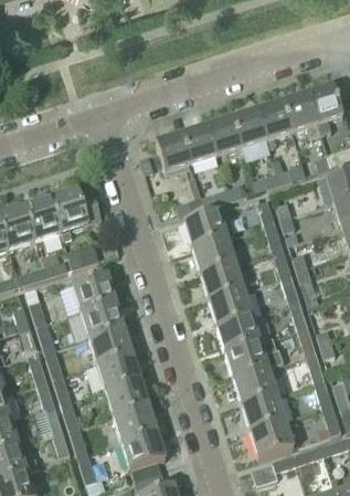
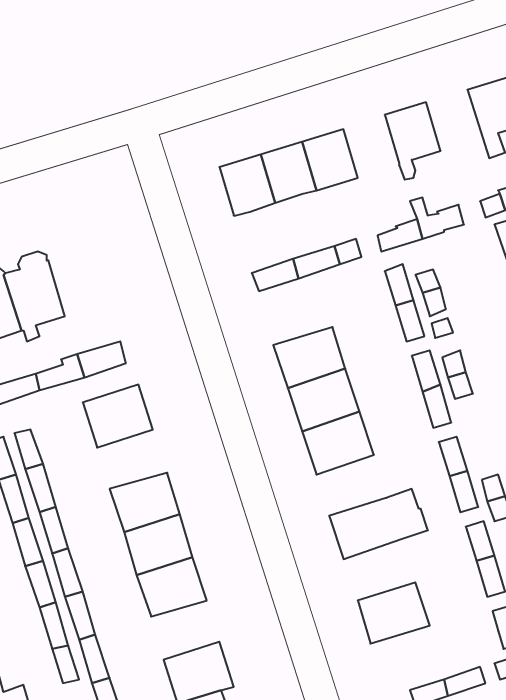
building: [284,93,322,138] -> none
building: [233,108,267,147] -> none
building: [52,189,100,240] -> none
building: [182,212,226,250] -> none
building: [82,302,125,338] -> none
building: [216,313,275,355] -> none
building: [233,369,277,407] -> none
building: [115,407,157,443] -> none
building: [250,422,294,460] -> none

